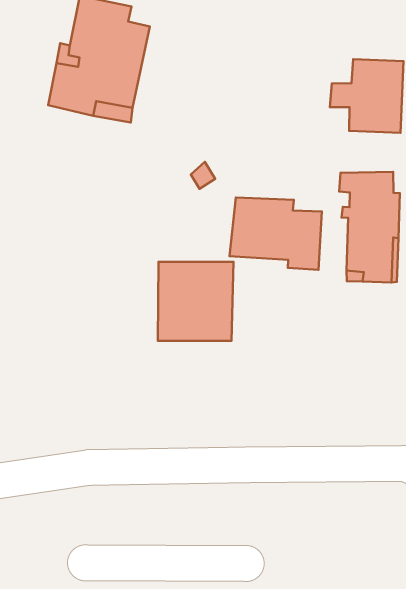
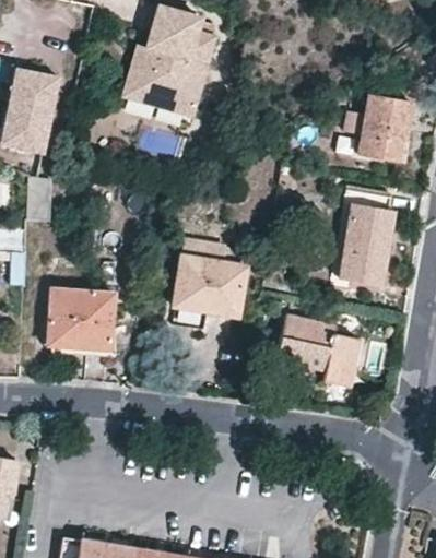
building: [230,198,322,270] -> [276,317,358,387]
building: none -> [49,289,114,348]

